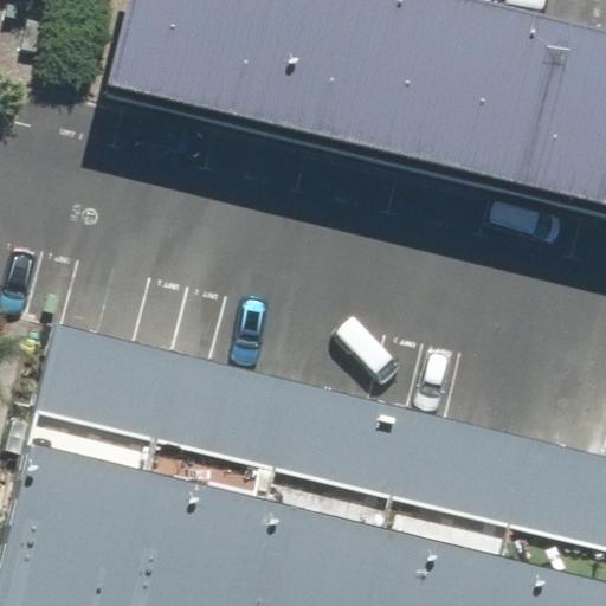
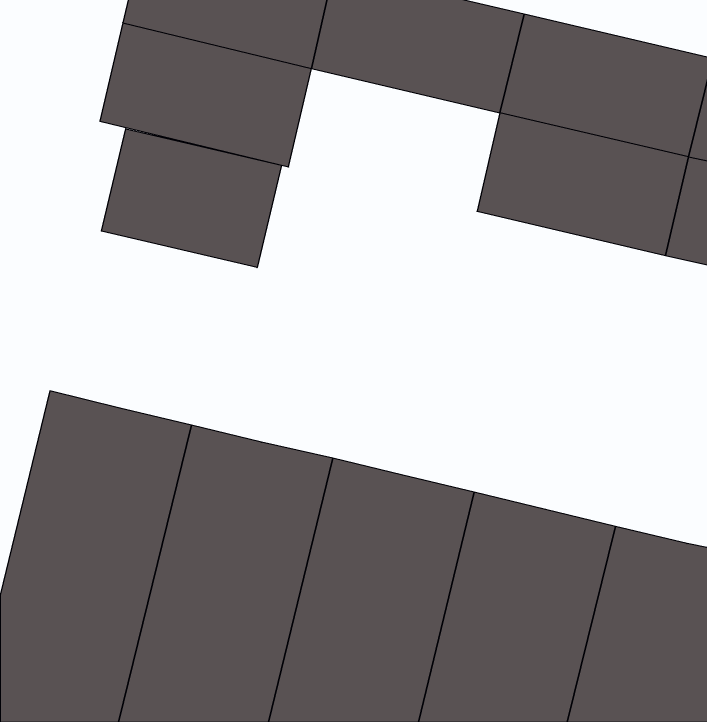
building: [258,57,433,175] -> none
building: none -> [101,129,281,268]

